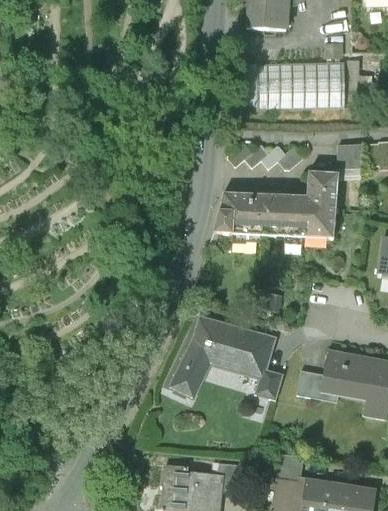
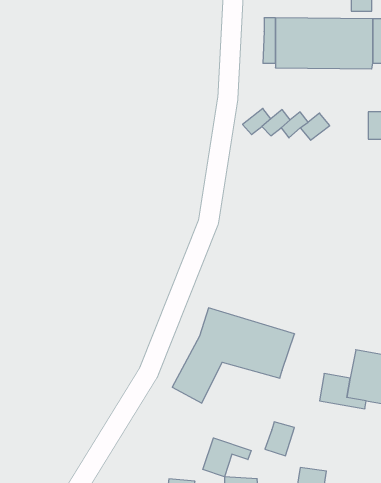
building: [214,171,337,239] -> none
building: [255,371,281,401] -> [265,422,294,456]
building: none -> [203,438,251,477]

